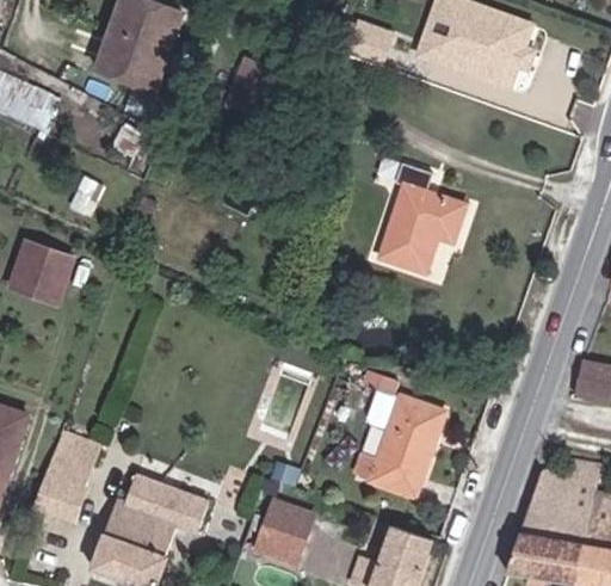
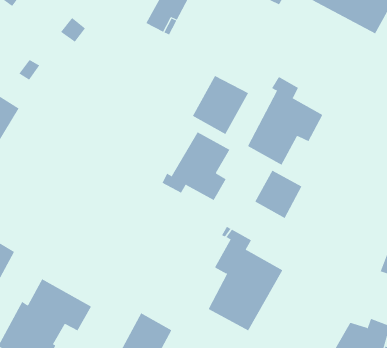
building: none -> [192,75,249,135]
building: none -> [162,131,230,201]
building: none -> [254,170,302,219]

